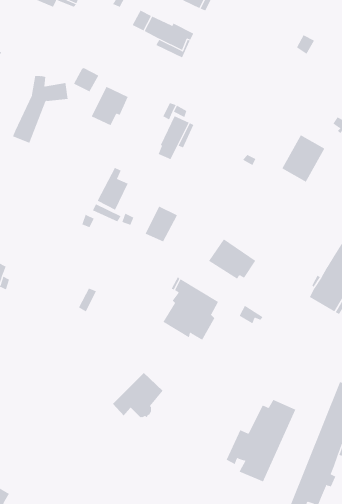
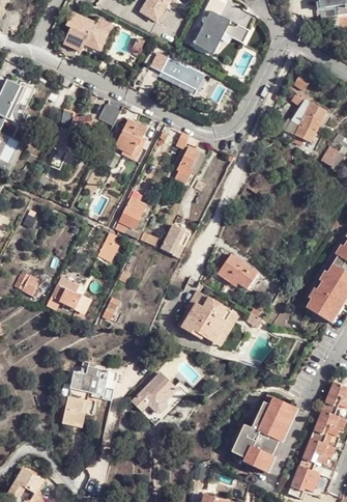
building: [282,135,325,183] -> [285,100,323,142]
building: none -> [47,284,78,309]
building: none -> [62,371,116,426]

